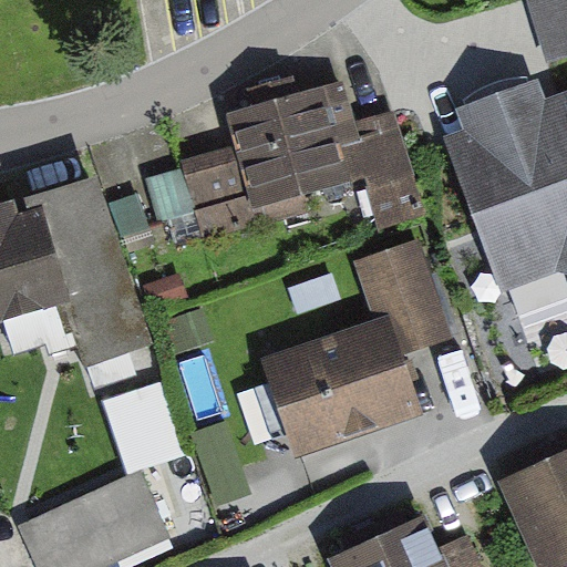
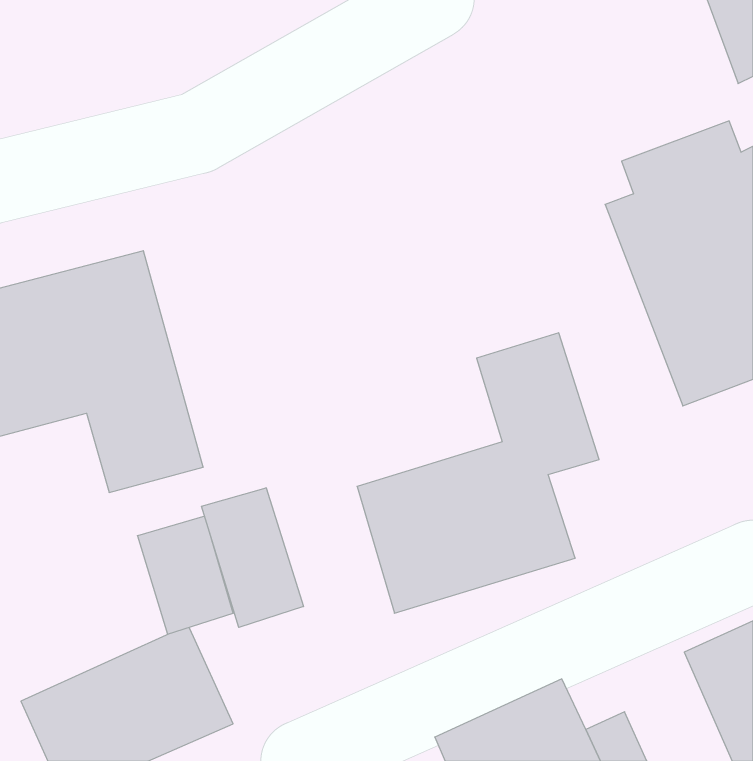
building: [182,86,423,237] -> none
building: none -> [202,488,303,627]

